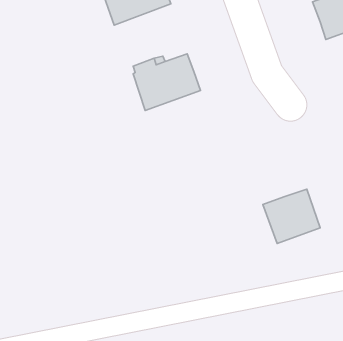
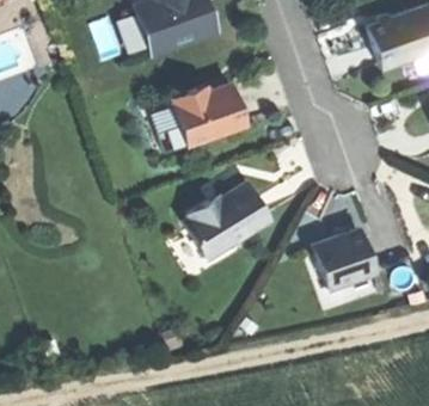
building: none -> [184,184,271,260]

